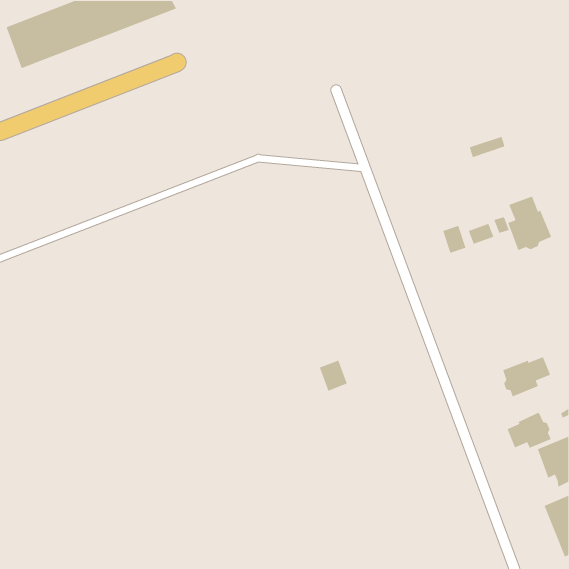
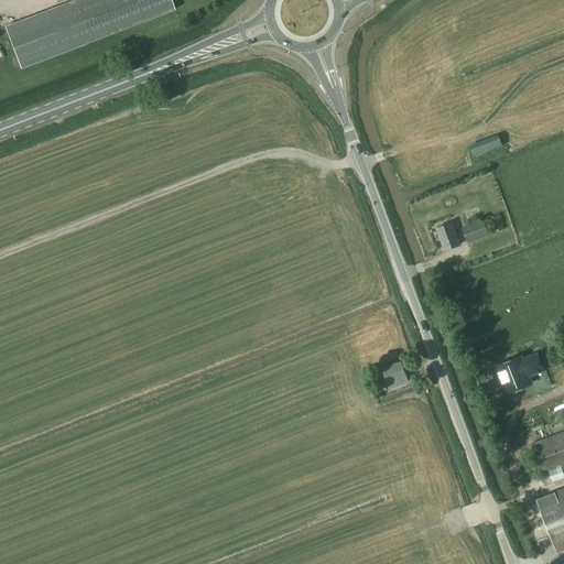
building: [507,196,552,251] -> none
building: [319,359,348,392] -> [381,359,410,391]
building: [506,412,552,449] -> none

